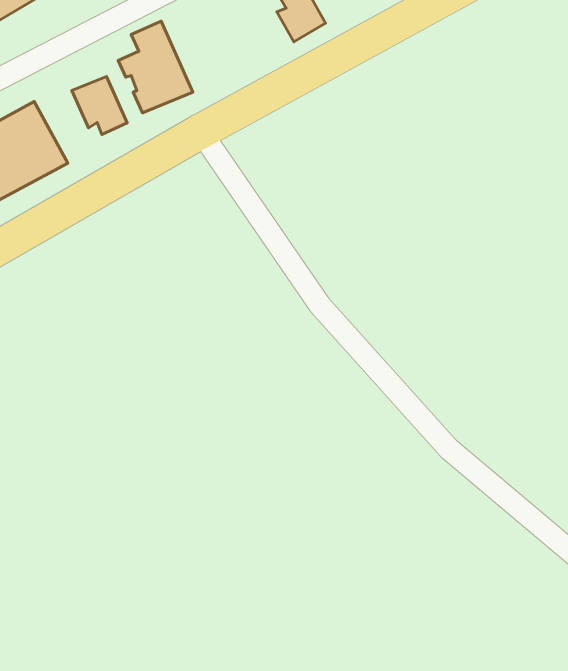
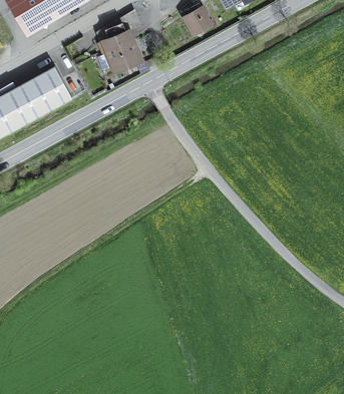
building: [72,76,127,135] -> none

